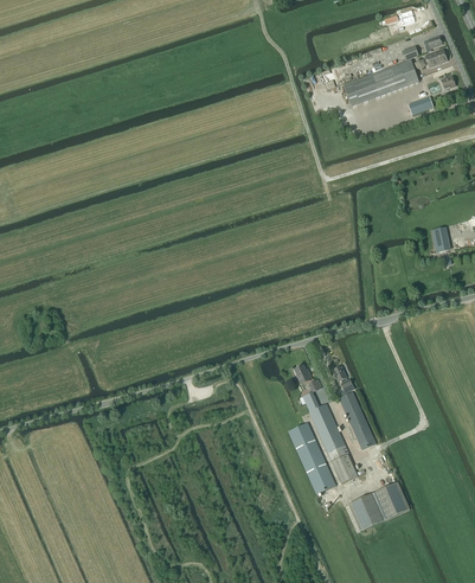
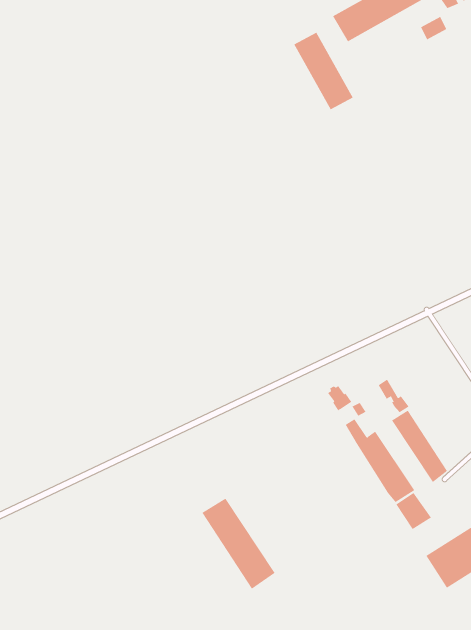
building: none -> [293,32,354,110]
building: [288,422,336,494] -> [201,498,275,589]

